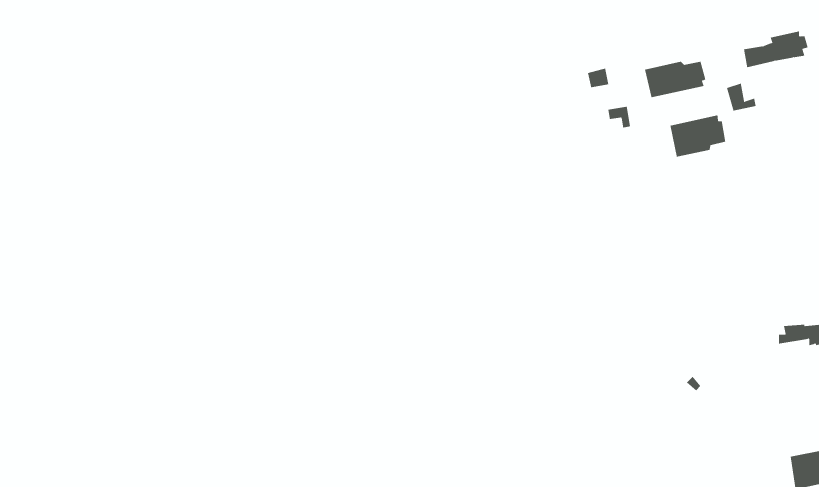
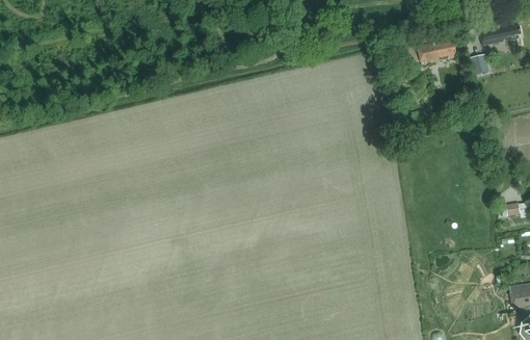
building: [670,115,726,157] -> none

